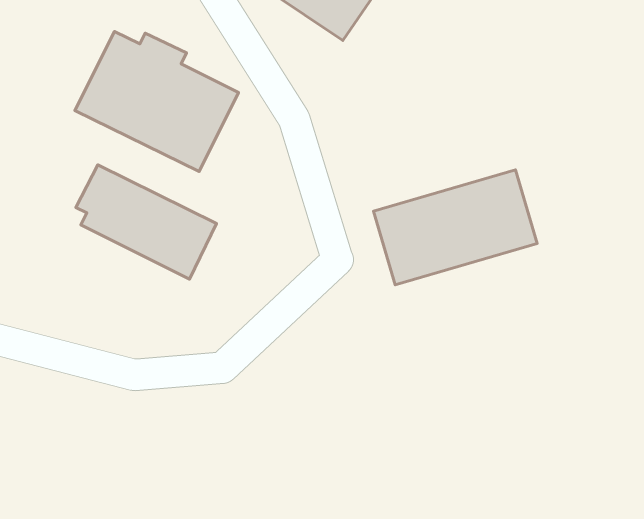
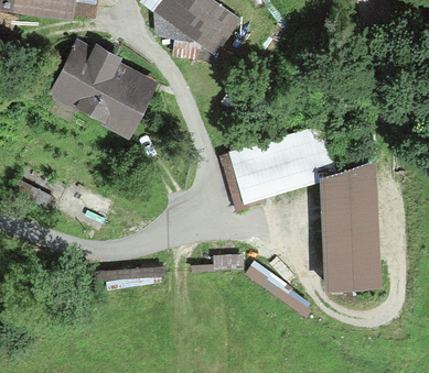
building: [76,165,217,279] -> none
building: none -> [324,166,378,286]

